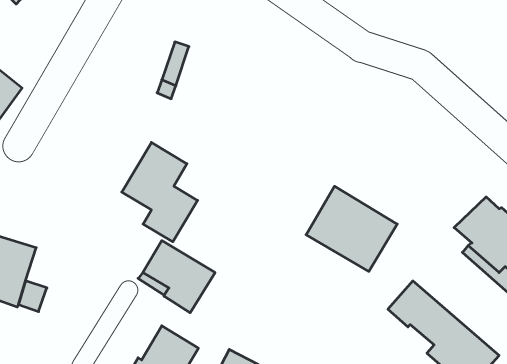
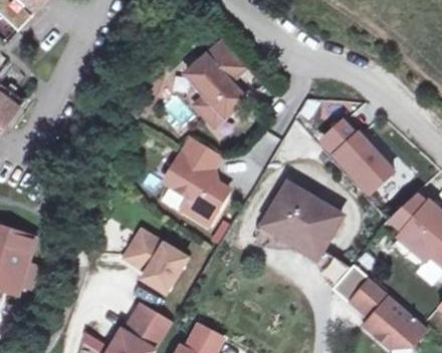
building: none -> [185,40,245,126]
building: none -> [322,120,394,192]
building: [122,142,198,242] -> [164,139,228,224]

